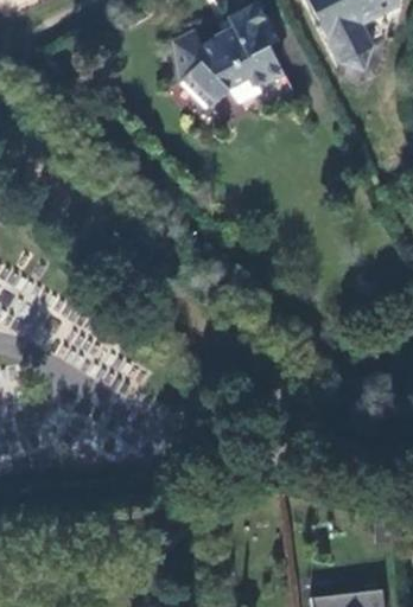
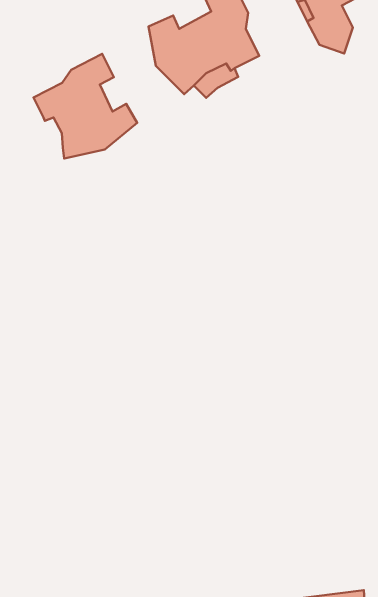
building: none -> [33,54,137,159]

